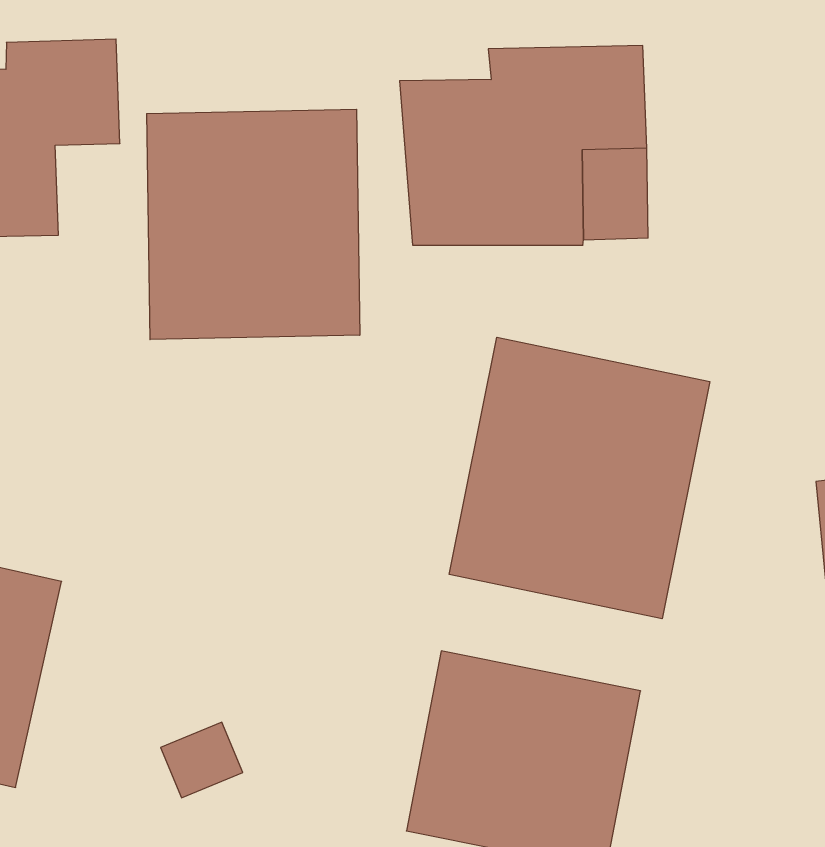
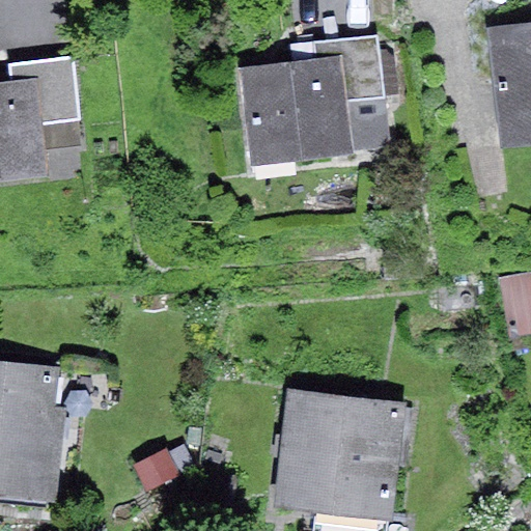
building: [147,109,360,340] -> none
building: [449,337,710,619] -> none

